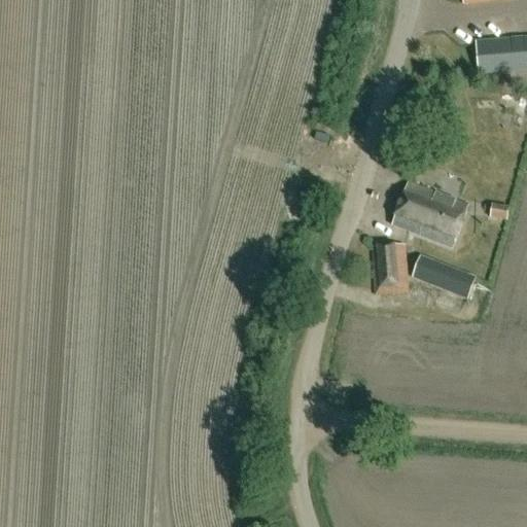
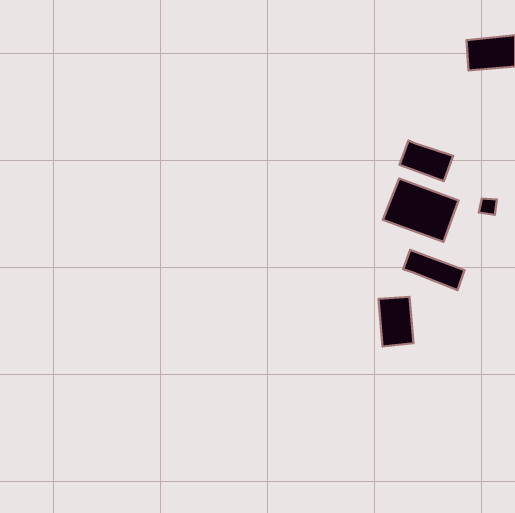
building: none -> [399,141,453,181]
building: [372,243,408,293] -> [378,297,414,346]

